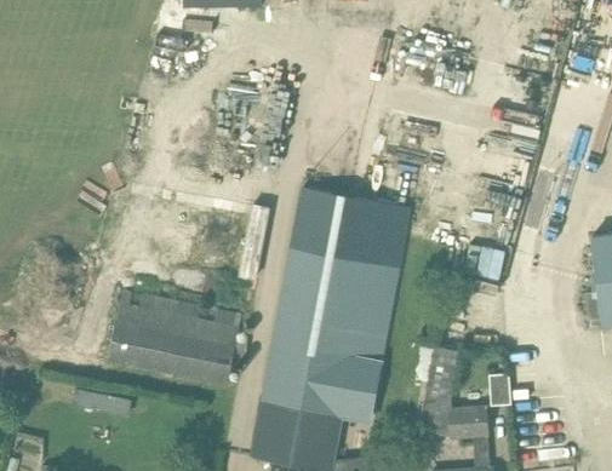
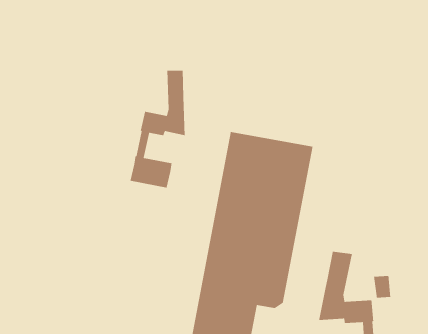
building: none -> [130,70,186,189]
building: [107,291,248,386] -> none

